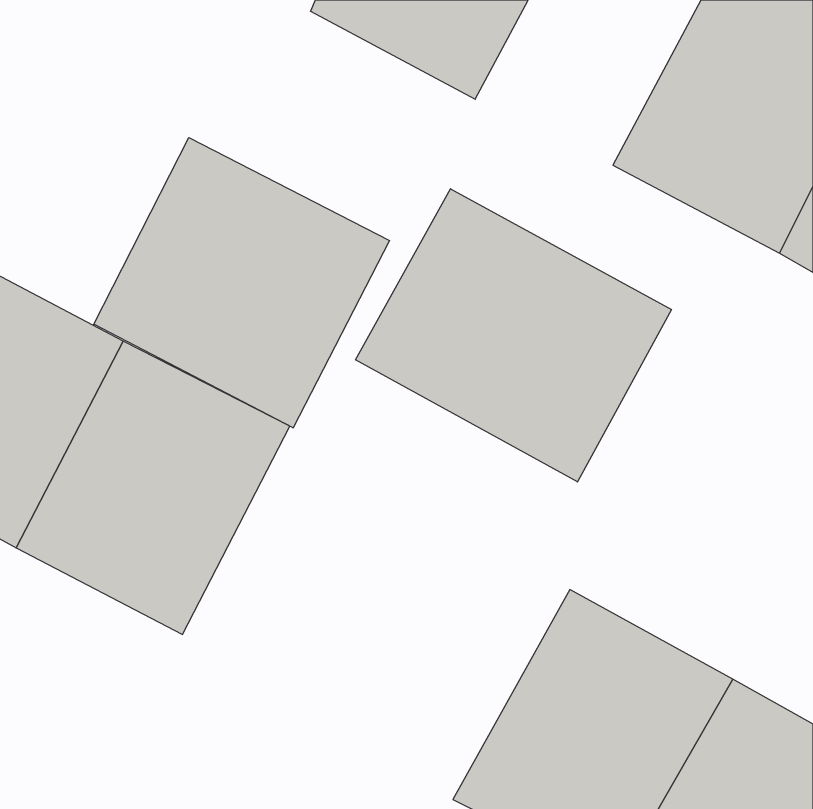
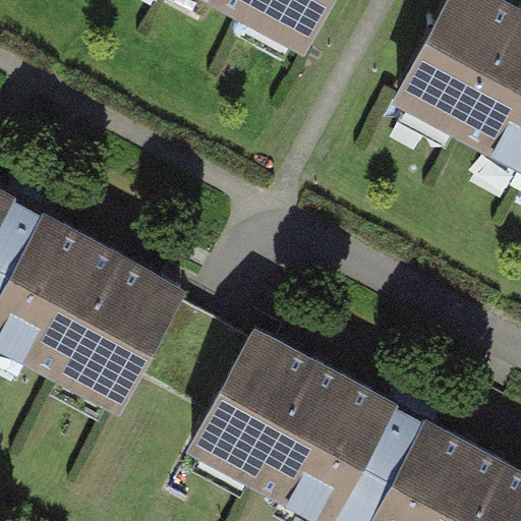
building: [94,138,390,428] -> none
building: [356,189,671,482] -> none
building: none -> [185,324,362,514]

